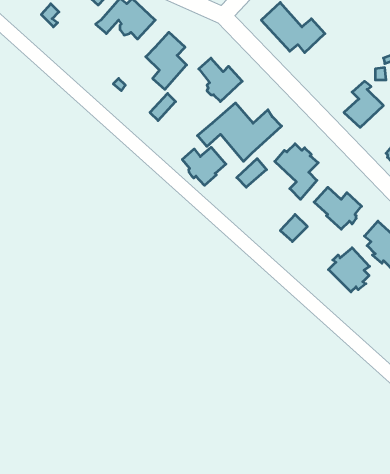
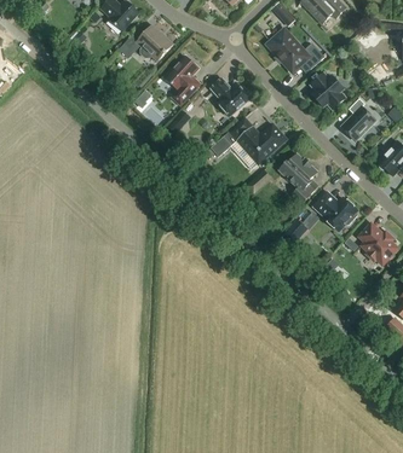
building: none -> [311,71,346,109]
building: [182,147,226,185] -> none
building: [328,248,370,292] -> none

